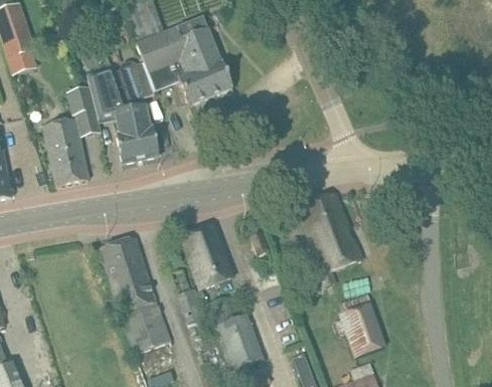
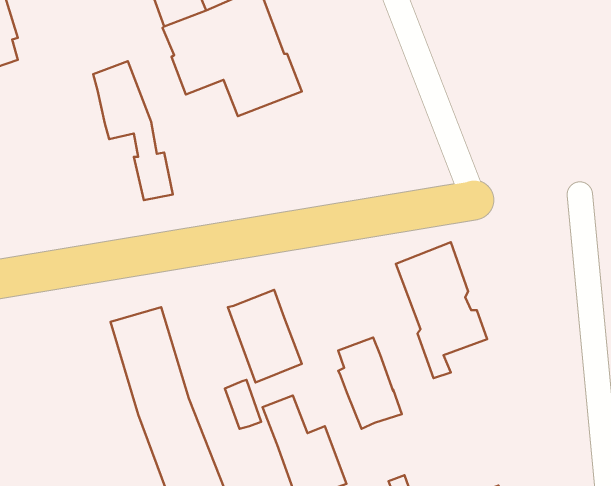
building: [112,59,159,159] -> none
building: [66,86,96,115] -> none
building: [43,121,89,187] -> none
building: [340,293,384,356] -> [338,338,402,429]

